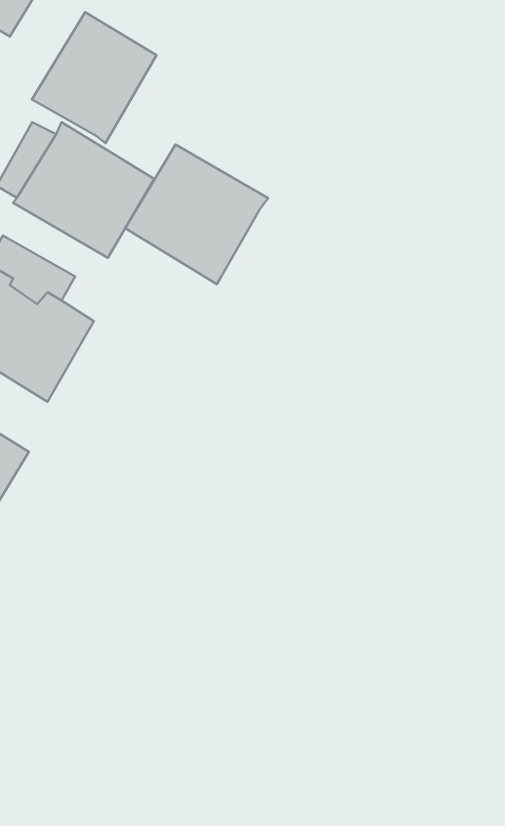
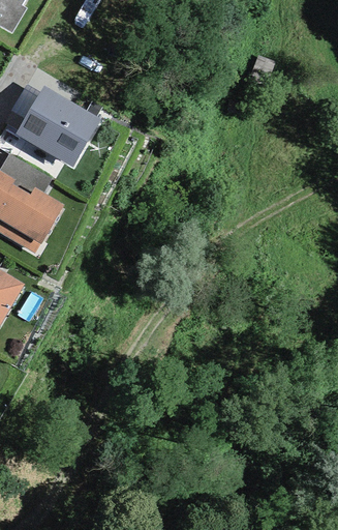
building: [32,12,156,143] -> none
building: [125,145,268,284] -> none

